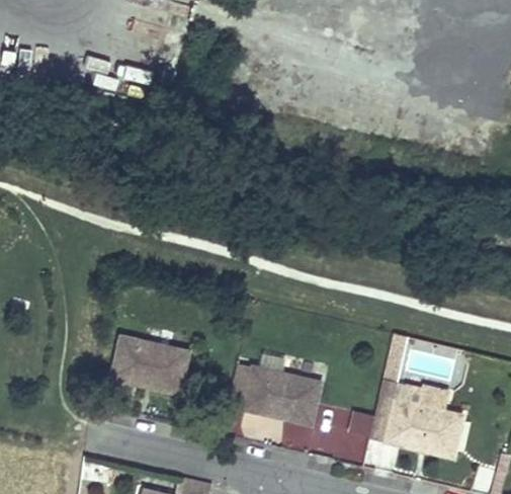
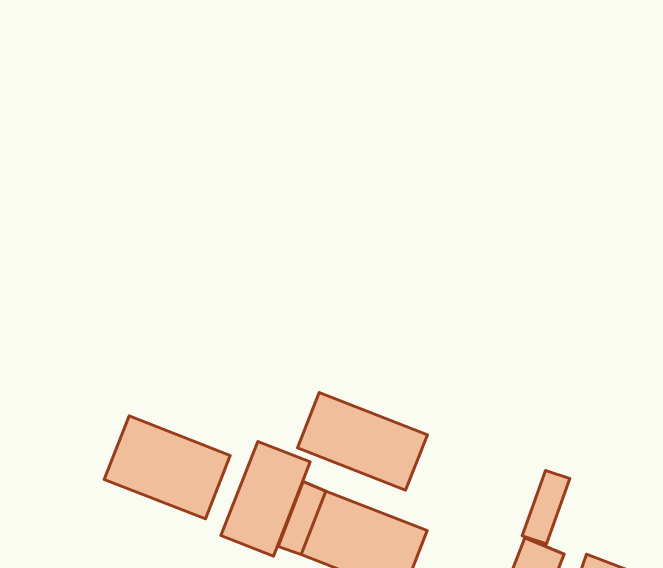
building: none -> [297,392,427,490]
building: none -> [221,441,310,556]

